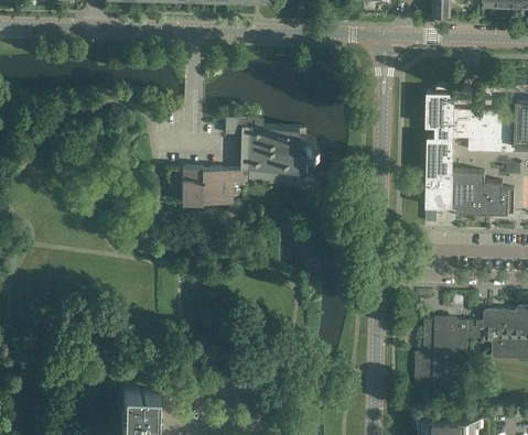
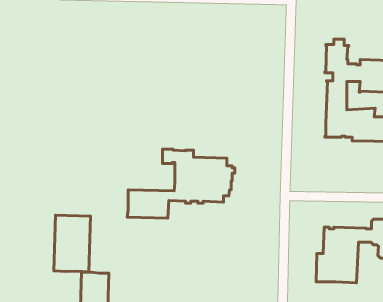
building: [181,118,315,204] -> [127,149,235,218]
building: none -> [54,215,91,272]

